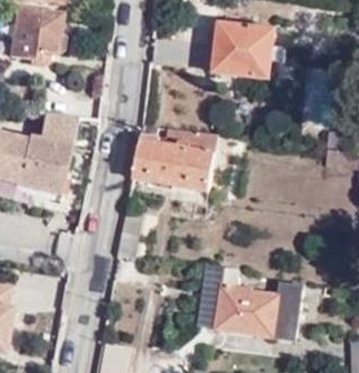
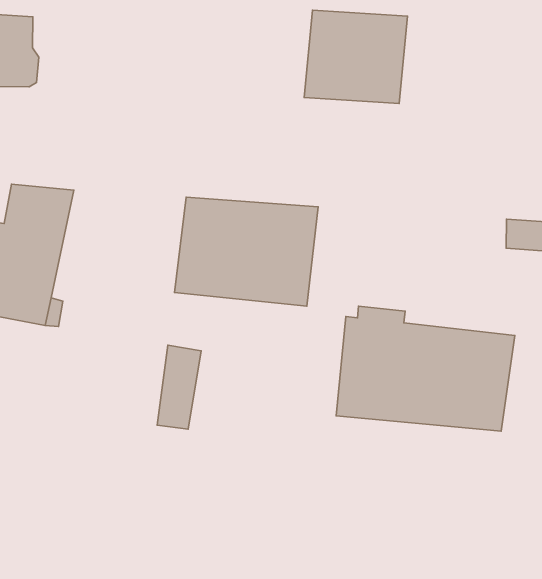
building: [198,264,303,341] -> [336,306,515,431]

